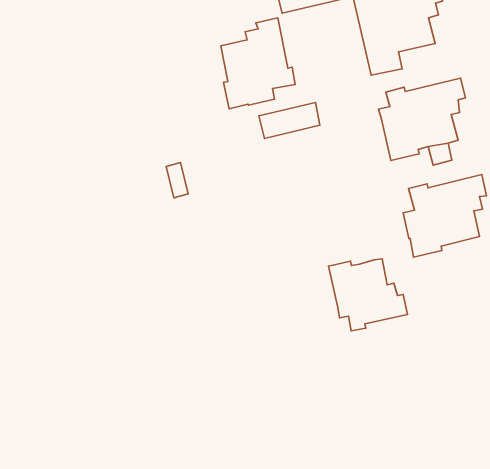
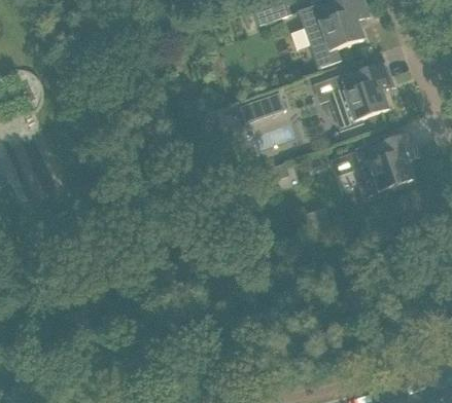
building: [221,18,295,109] -> none
building: [328,259,408,331] -> none

